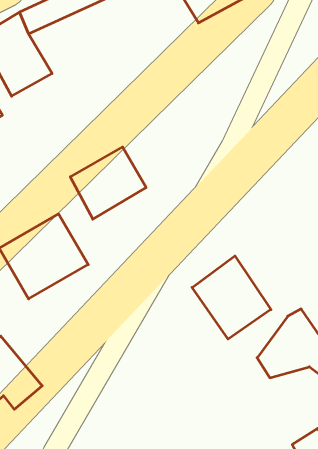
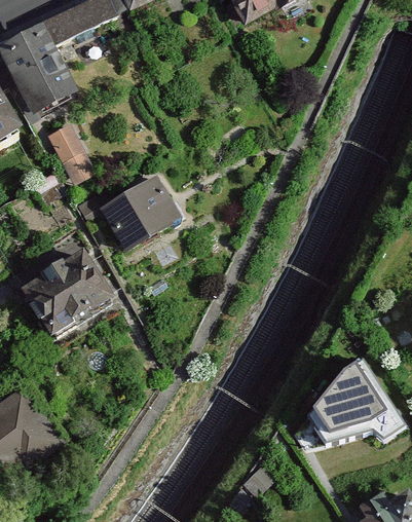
building: none -> [41,123,98,189]
building: [192,256,271,339] -> none

